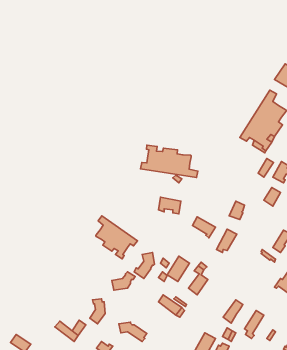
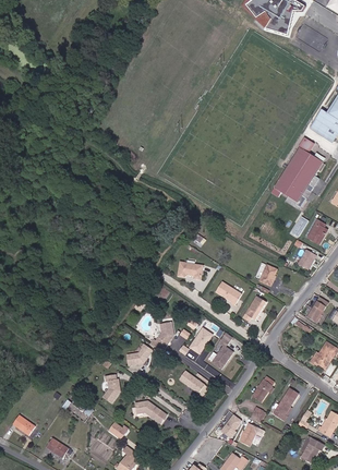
building: [141,145,198,177] -> none
building: [96,216,137,259] -> none

